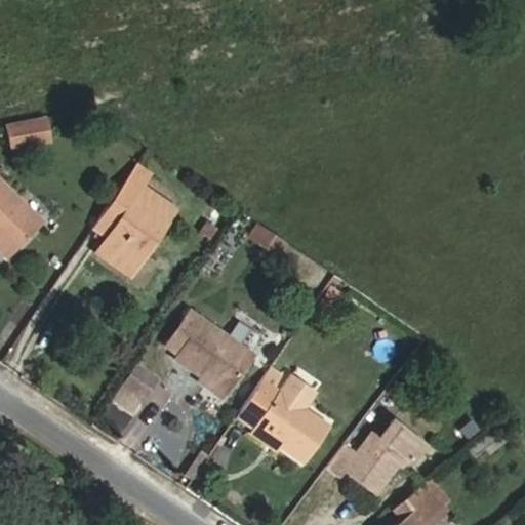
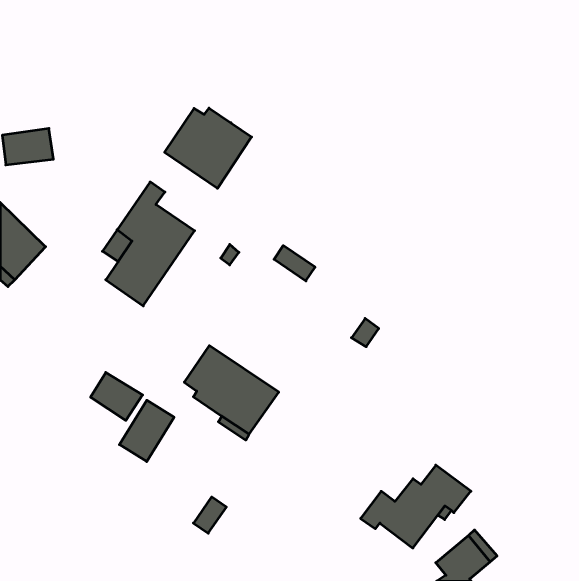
building: none -> [165,108,252,188]
building: none -> [91,372,143,420]
building: [237,368,330,463] -> none

